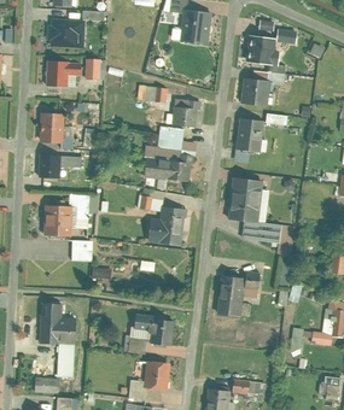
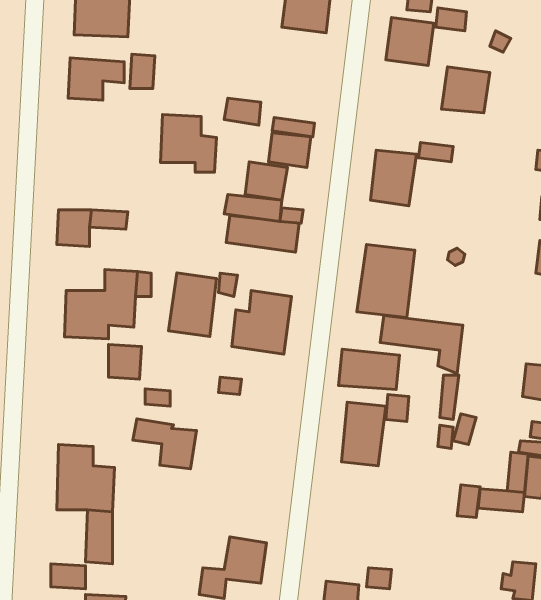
building: [240,77,270,106] -> [442,67,490,113]
building: [39,112,74,148] -> [161,114,216,172]
building: none -> [168,273,217,337]
building: none -> [339,349,400,389]
building: [134,315,174,346] -> [133,419,196,469]

